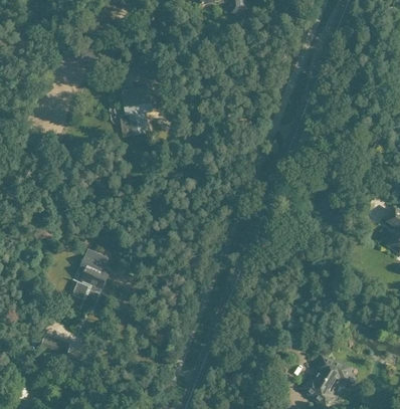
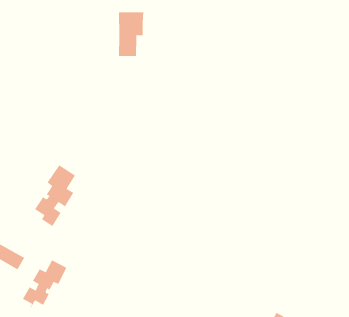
building: none -> [22,260,67,310]

